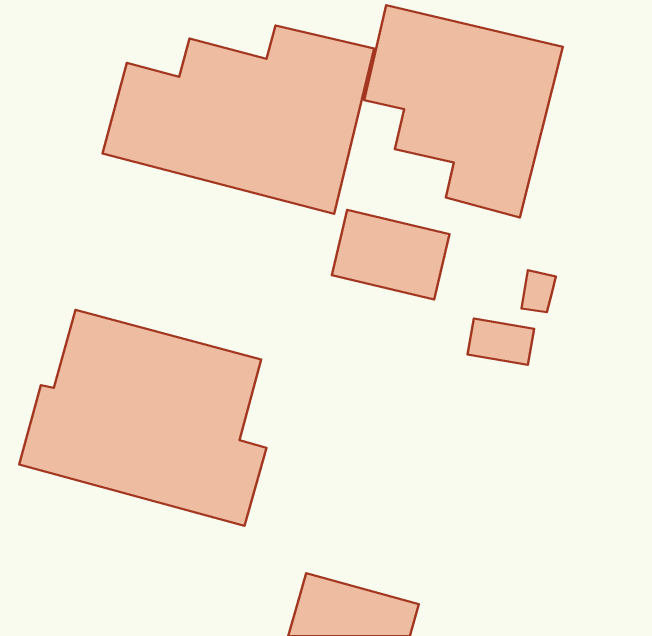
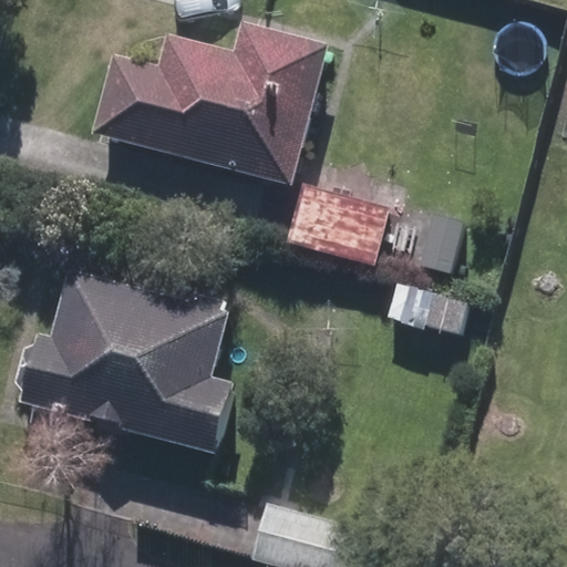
building: [364,5,563,218] -> none

